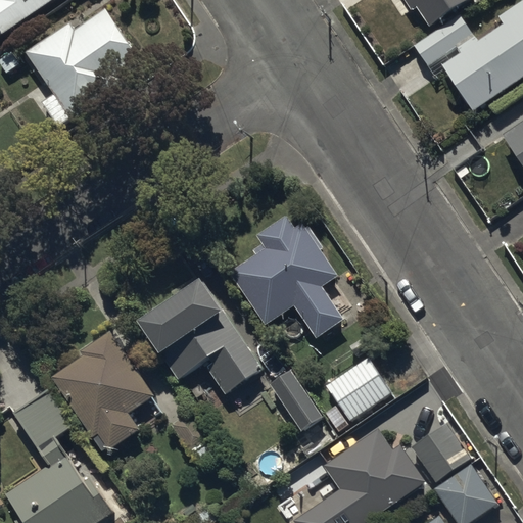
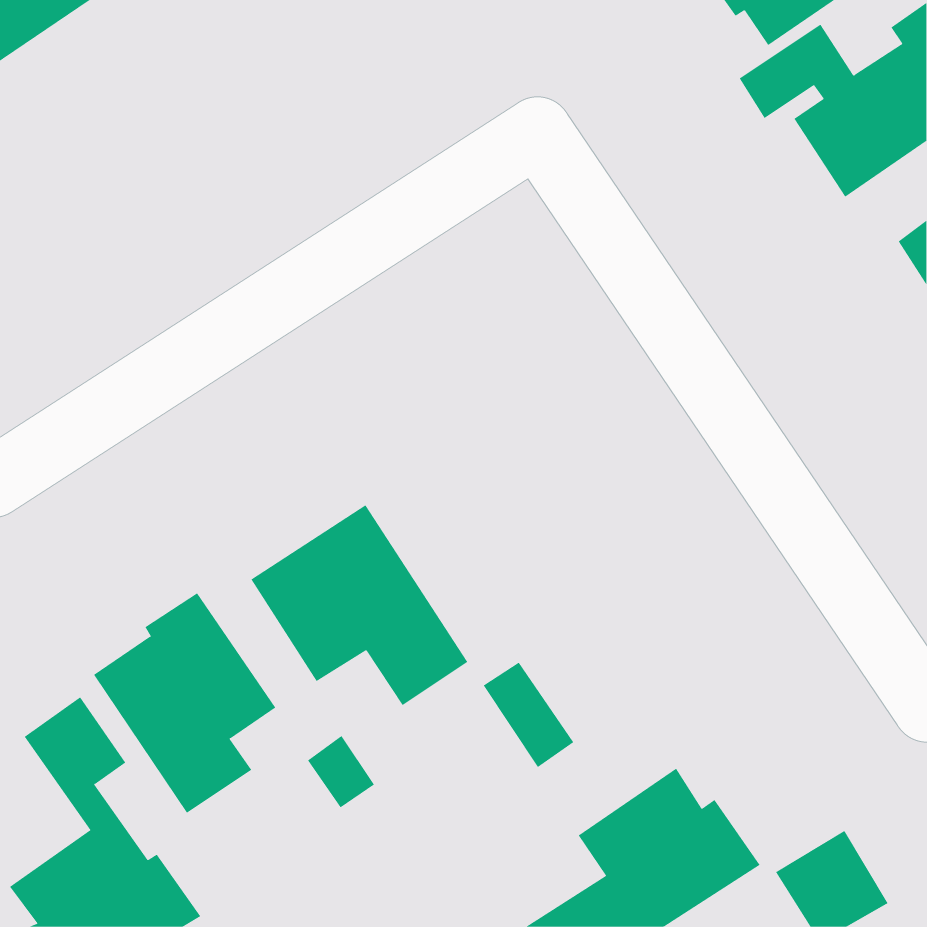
building: [27,8,141,126] -> none
building: [229,216,341,338] -> none
building: [326,358,389,419] -> none
building: [410,423,469,482] -> none

